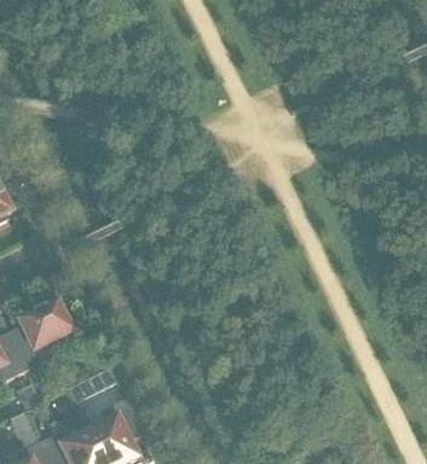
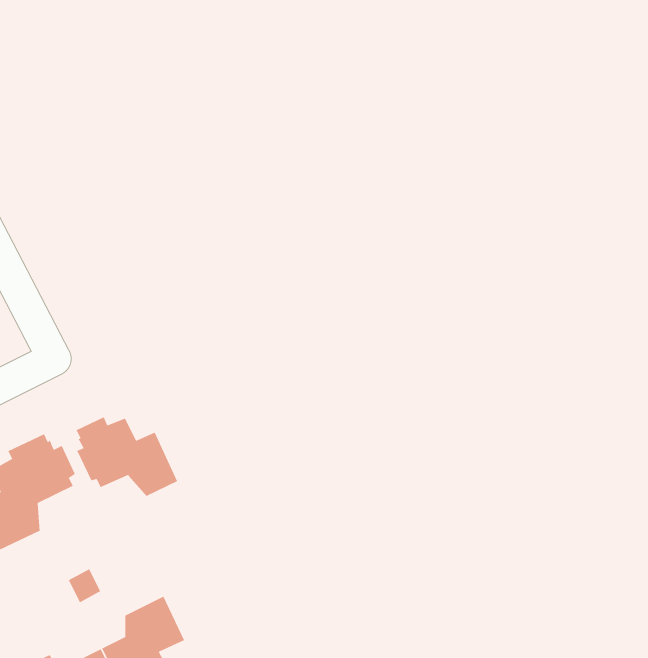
building: none -> [76,416,178,497]

